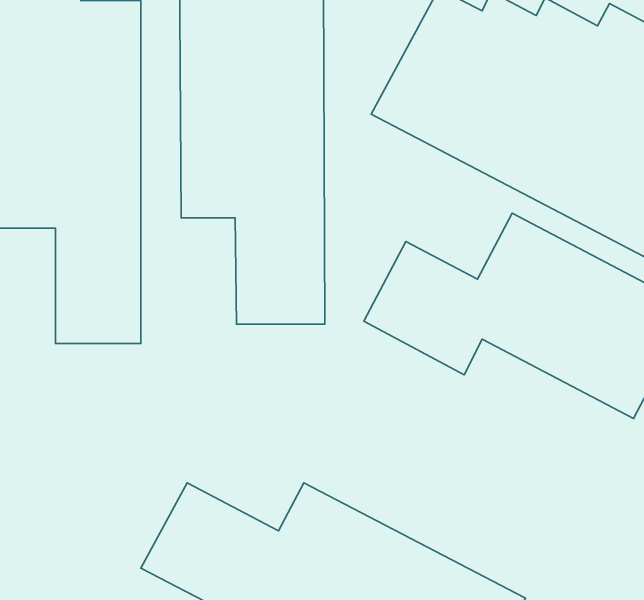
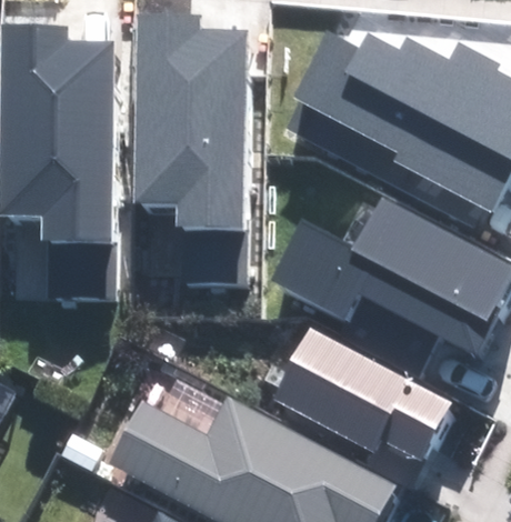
building: none -> [274,328,449,459]

